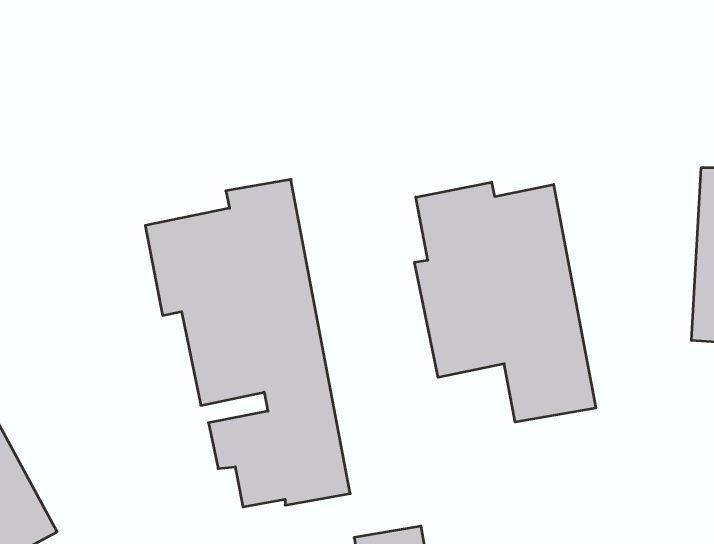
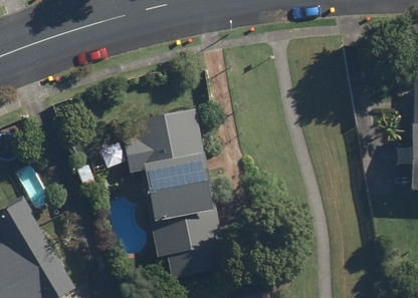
building: [415,182,596,422] -> none

